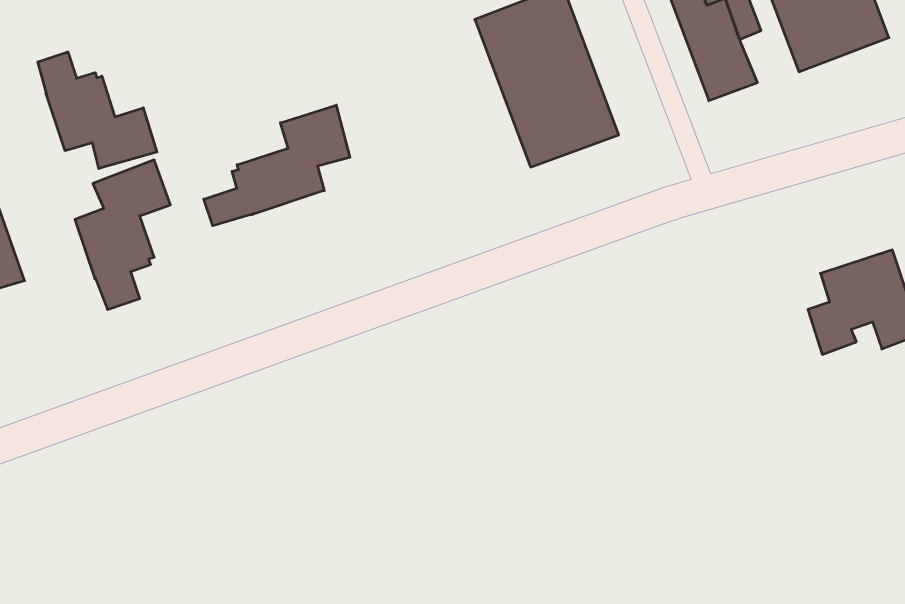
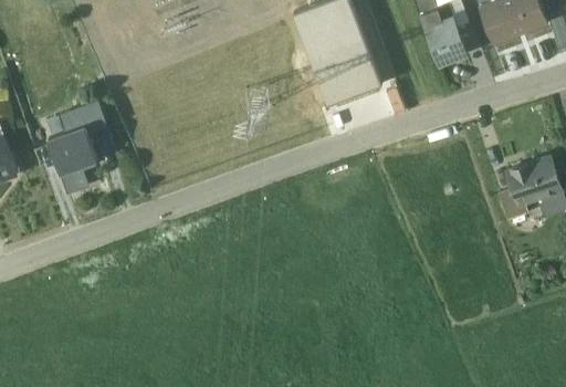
building: [38,52,157,169] -> none
building: [204,105,350,226] -> none

